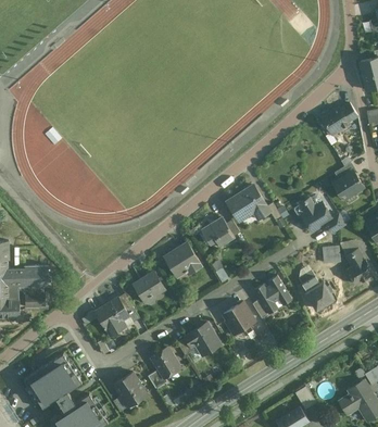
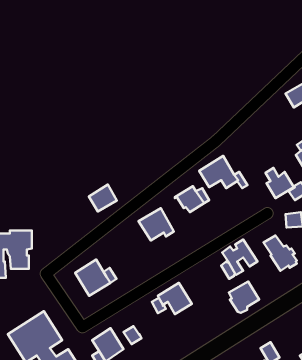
building: [135,271,165,300] -> [89,184,117,212]
building: [224,301,256,335] -> [229,282,259,313]
building: [152,346,181,377] -> none

